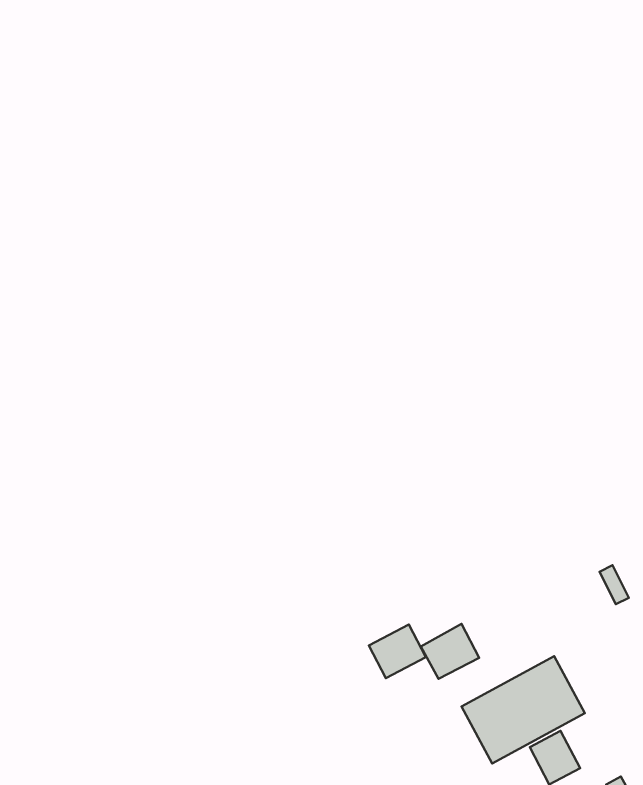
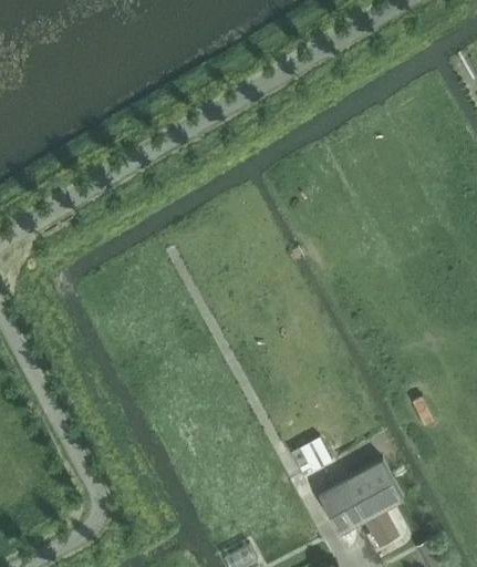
building: [369,624,426,678] -> none

